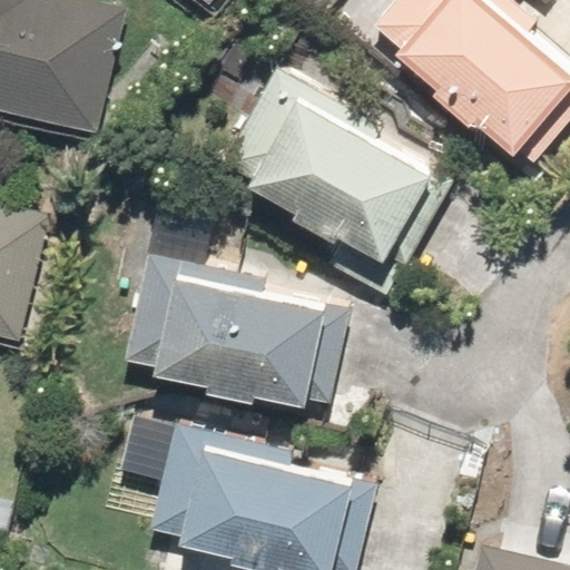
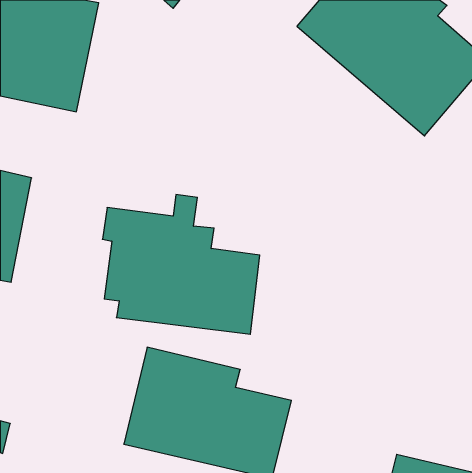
building: [216,68,442,267] -> none

